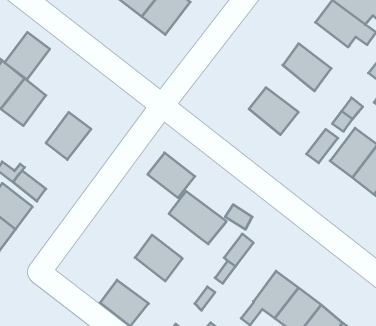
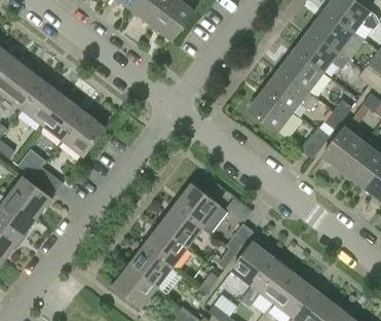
building: none -> [294,30,349,72]
building: [5,32,50,80] -> [43,97,84,140]
building: none -> [264,69,319,112]
building: [148,153,195,198] -> [160,205,203,246]
building: none -> [232,242,273,285]
building: none -> [128,245,173,287]

